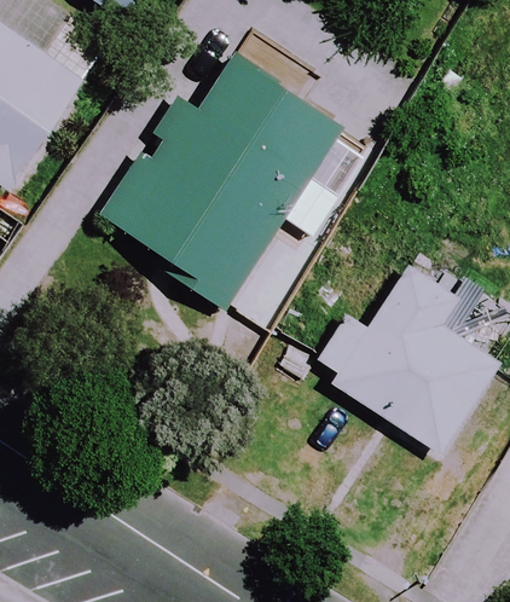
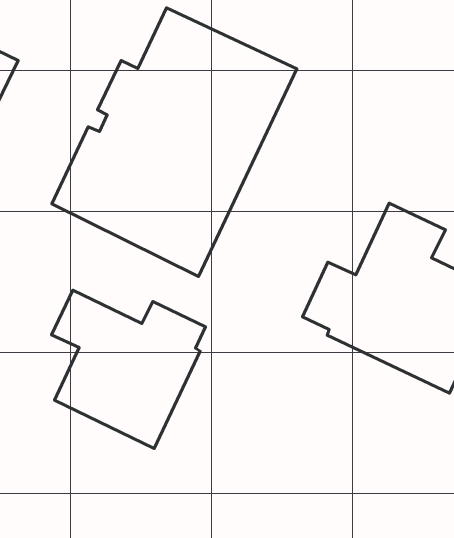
building: none -> [52,290,205,448]

